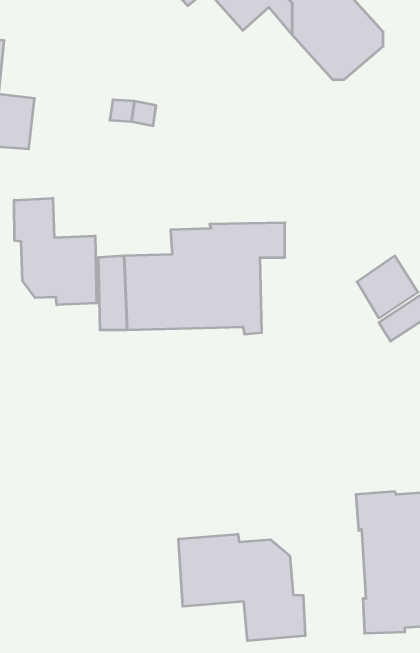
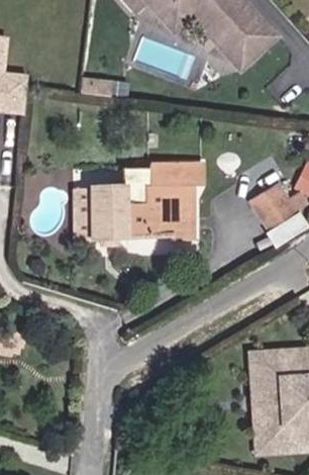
building: [14,198,96,305] -> none
building: [178,534,305,641] -> none

